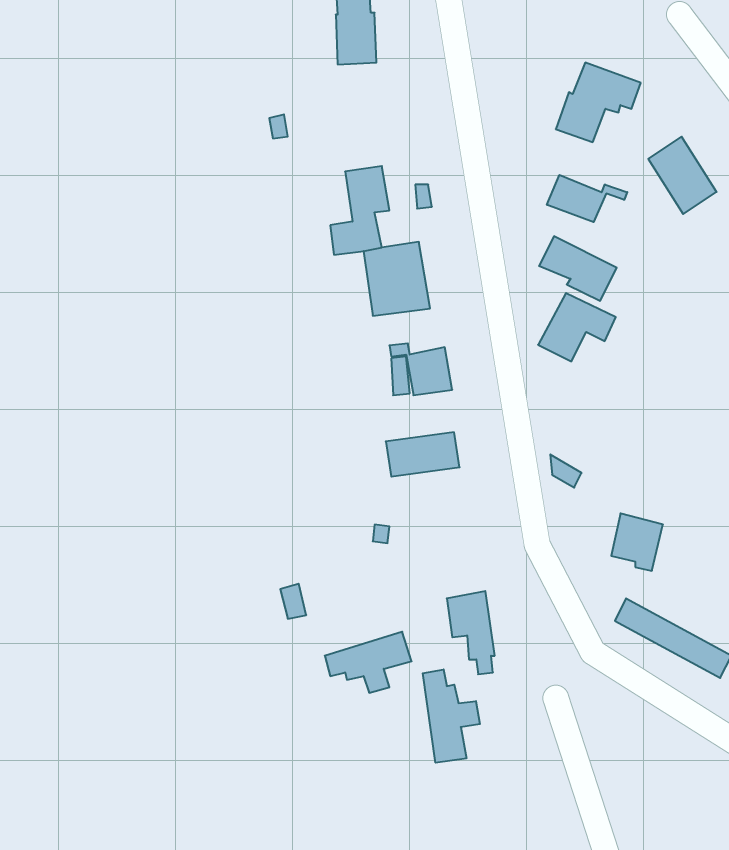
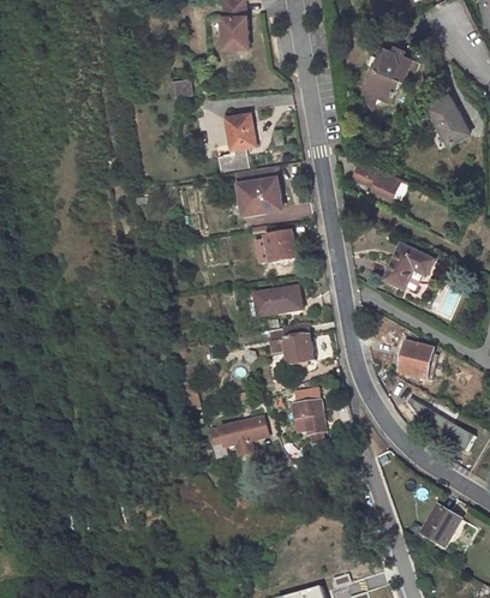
building: [547,175,627,222] -> none
building: [538,293,616,361] -> [383,245,434,289]
building: none -> [273,327,315,366]
building: [423,669,480,763] -> none
building: none -> [422,504,461,545]

